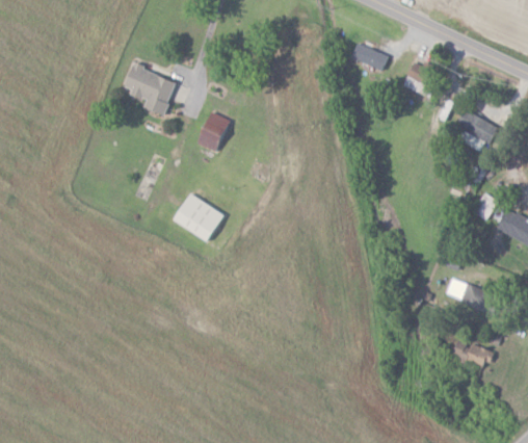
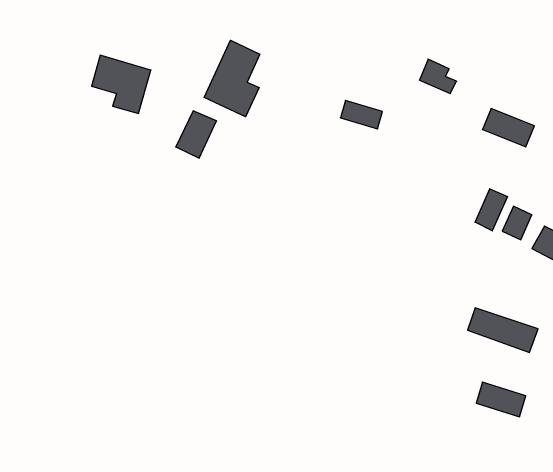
building: [351,45,387,69] -> [340,100,382,129]
building: none -> [204,40,260,117]
building: none -> [475,189,508,231]
building: [175,196,225,239] -> none

